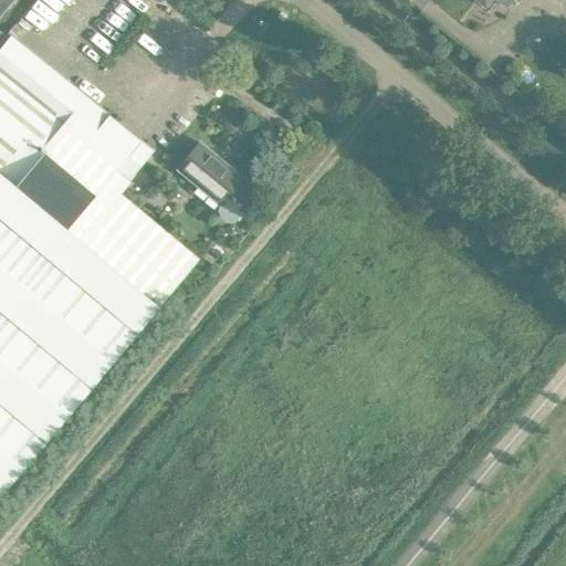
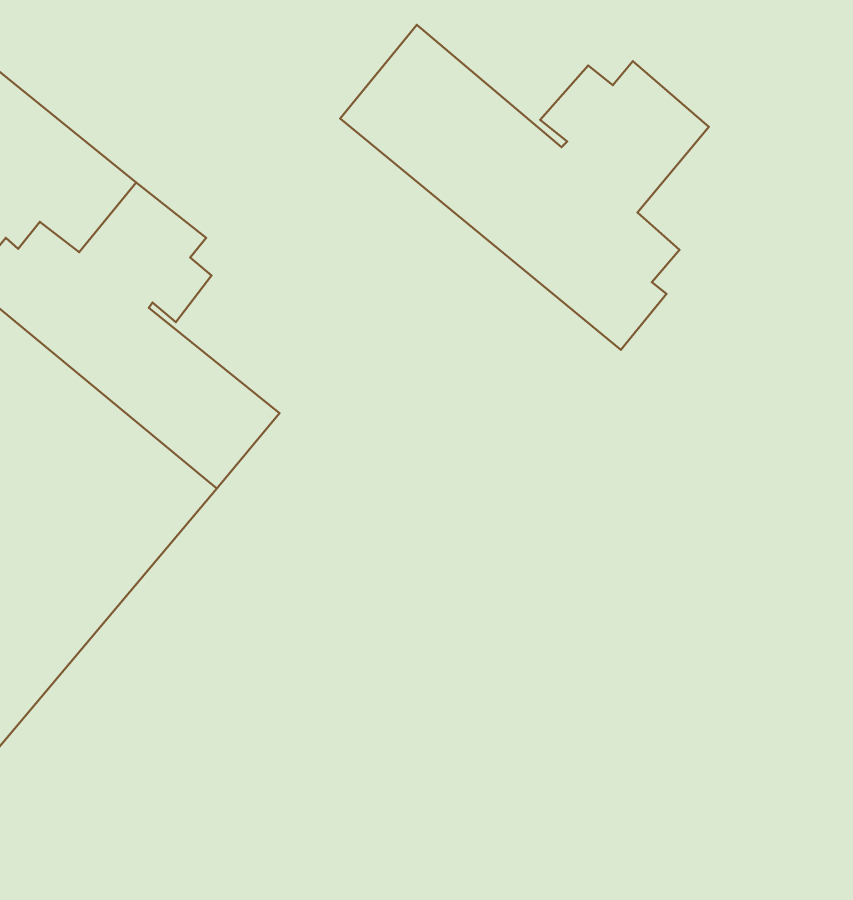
building: none -> [340,25,709,350]
building: [174,140,254,220] -> none

